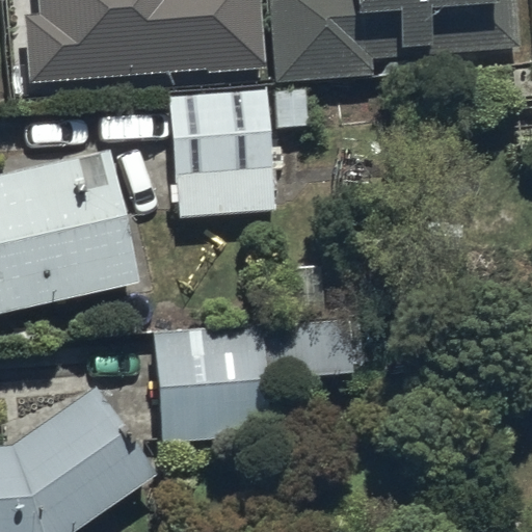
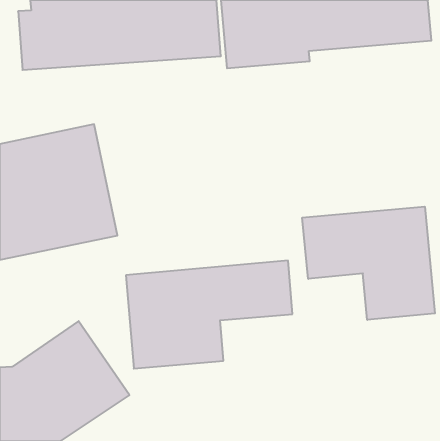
building: [170,87,276,217] -> none
building: none -> [302,207,435,320]

